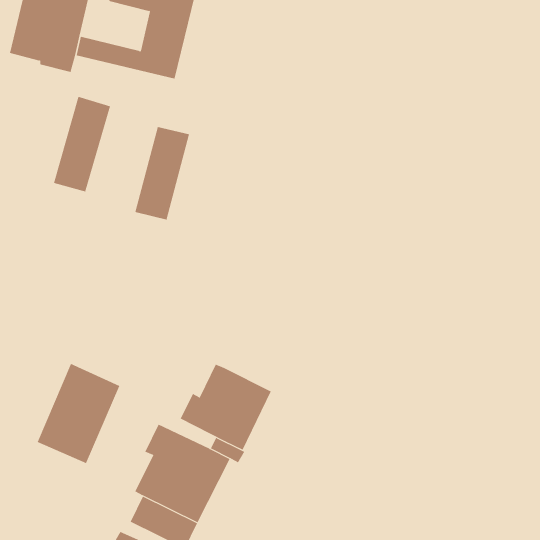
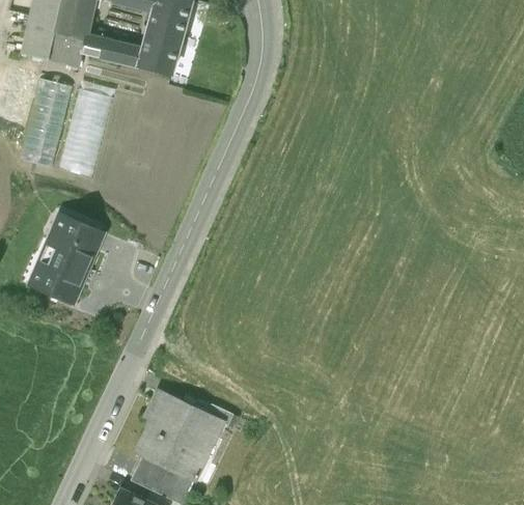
building: [135,126,190,220] -> [20,79,71,165]
building: [37,363,120,464] -> [28,213,105,305]
building: [180,364,272,451] -> none

